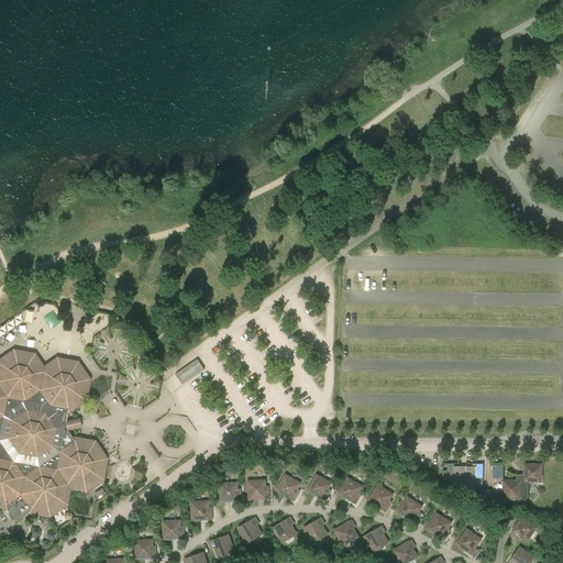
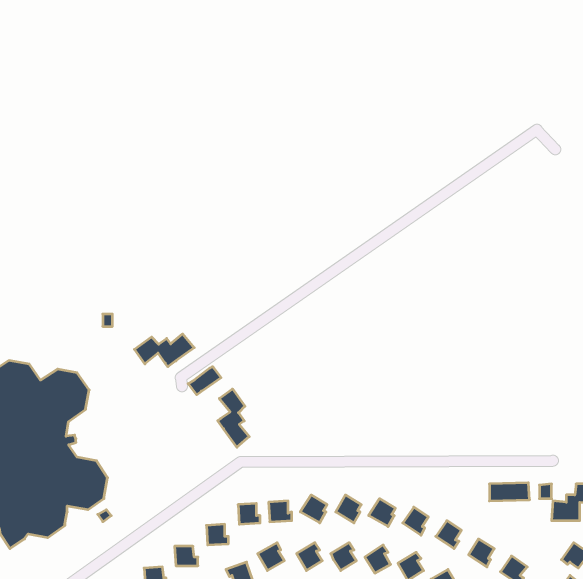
building: none -> [134,334,194,367]
building: none -> [218,389,249,447]

